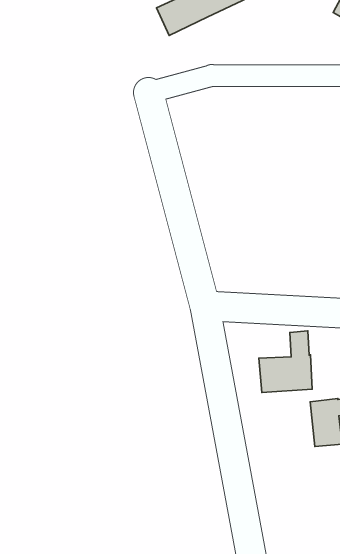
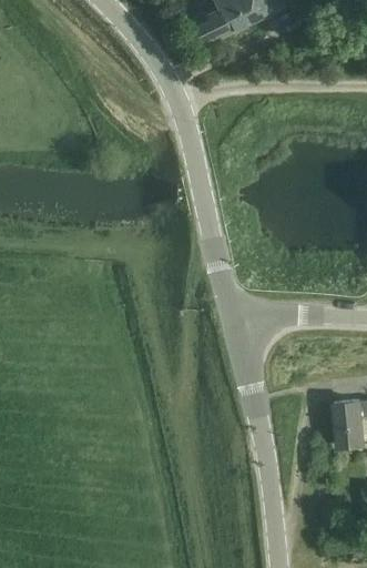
building: [259,331,312,392] -> none

